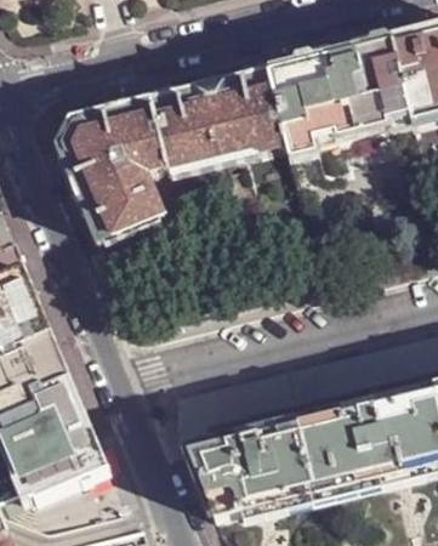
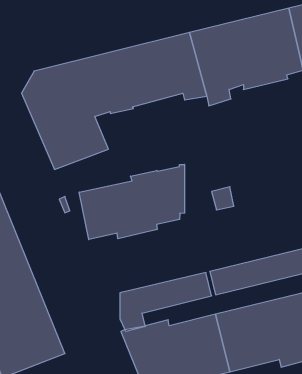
building: none -> [79,164,185,240]

